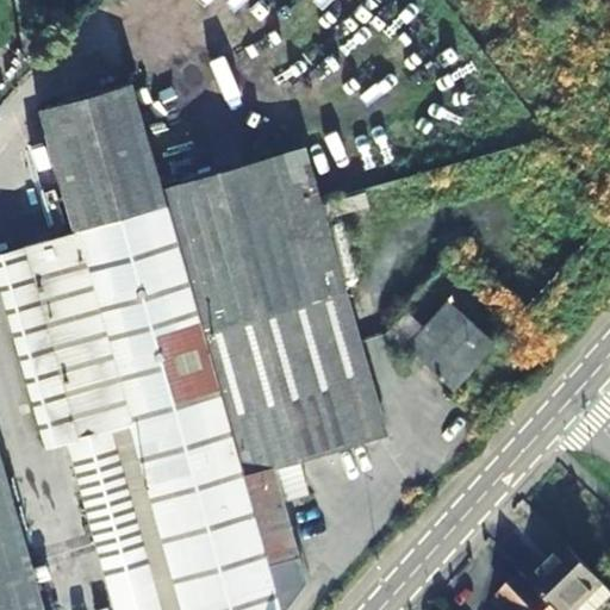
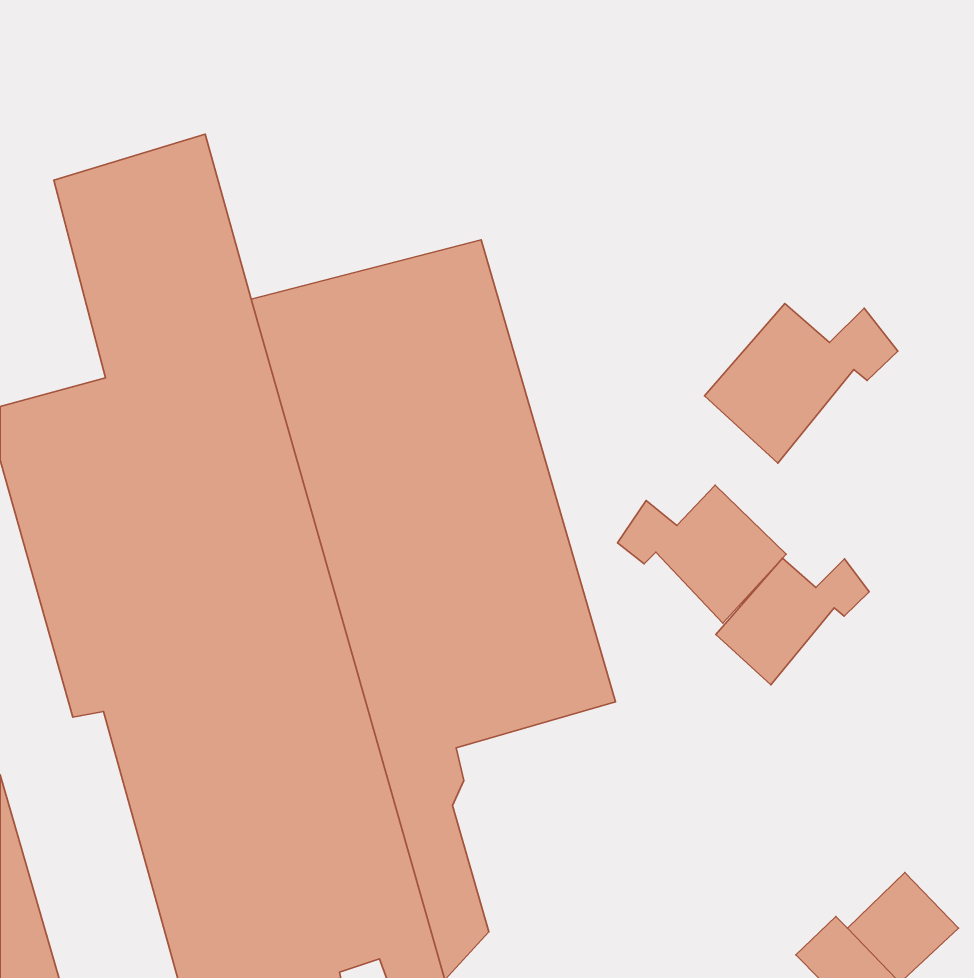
building: none -> [705,304,898,463]
building: none -> [716,558,869,685]

